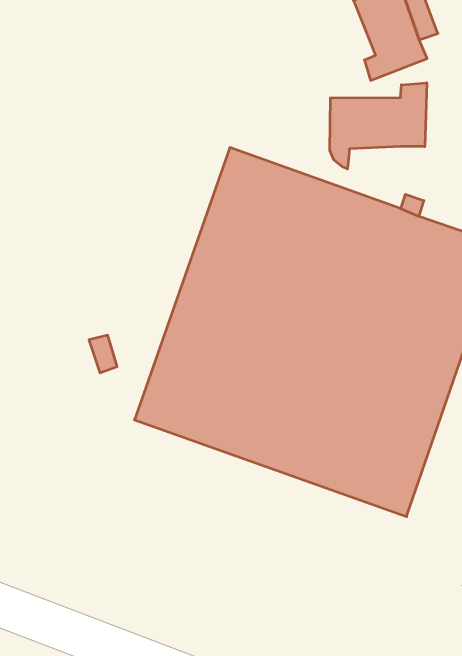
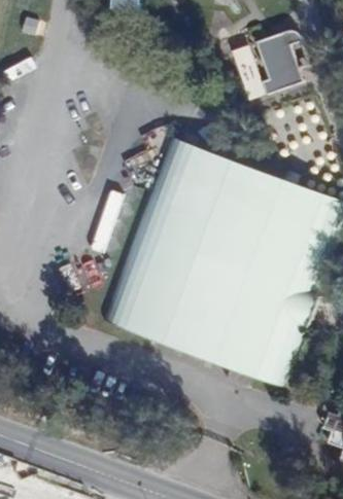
building: [330,83,427,169] -> none

